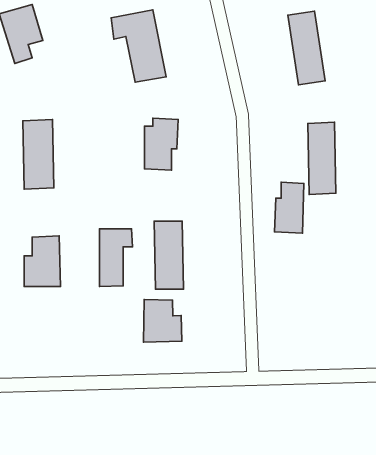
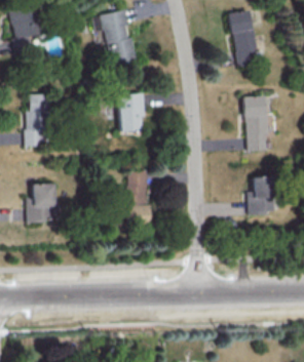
building: [274,182,304,233] -> [248,176,270,215]
building: [99,229,133,287] -> none
building: [143,300,182,342] -> none

